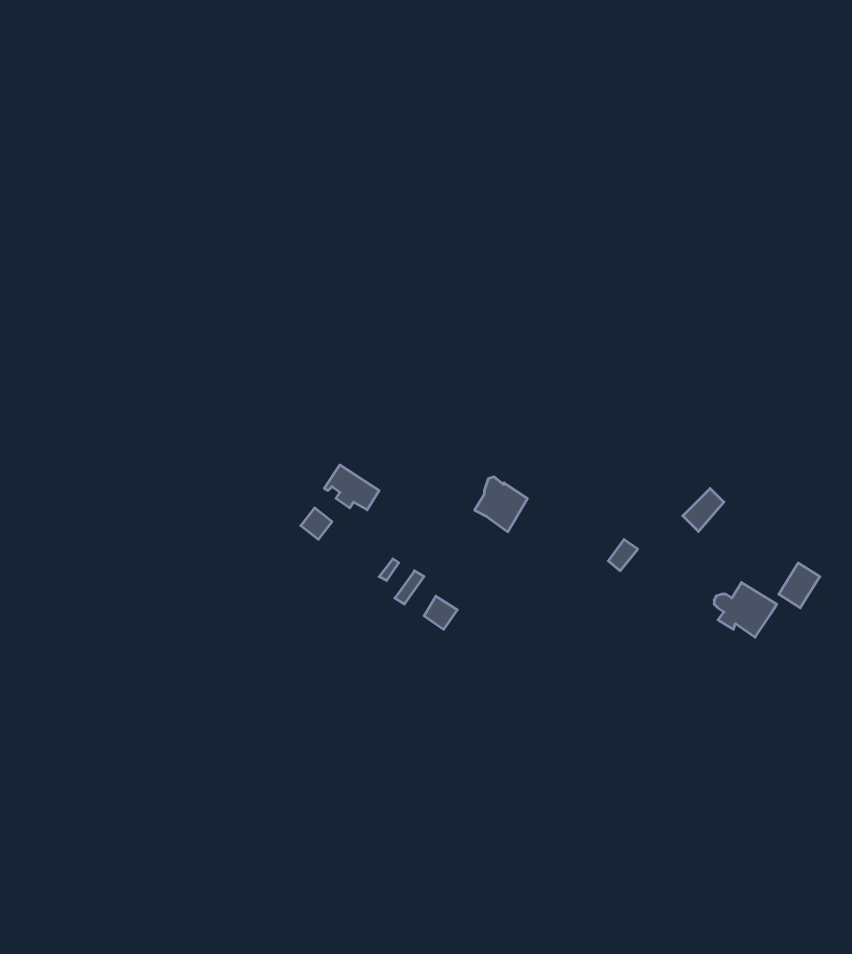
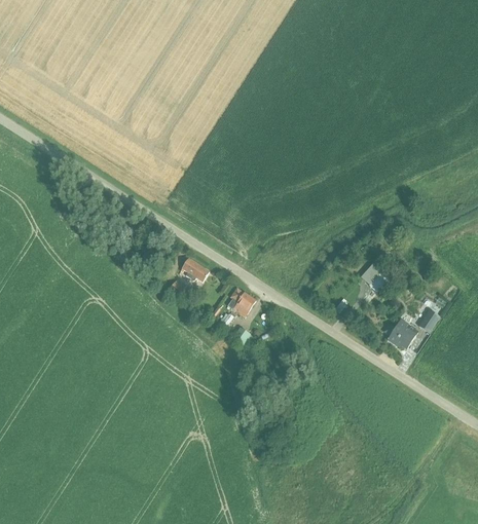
building: [475,477,527,532] -> [227,289,255,317]

